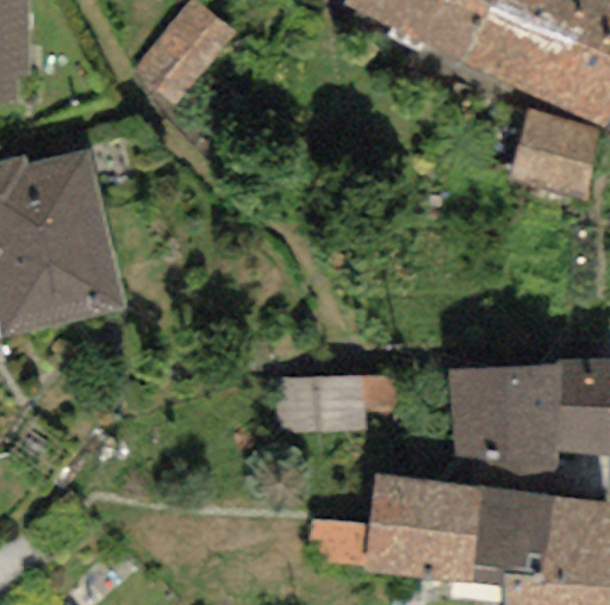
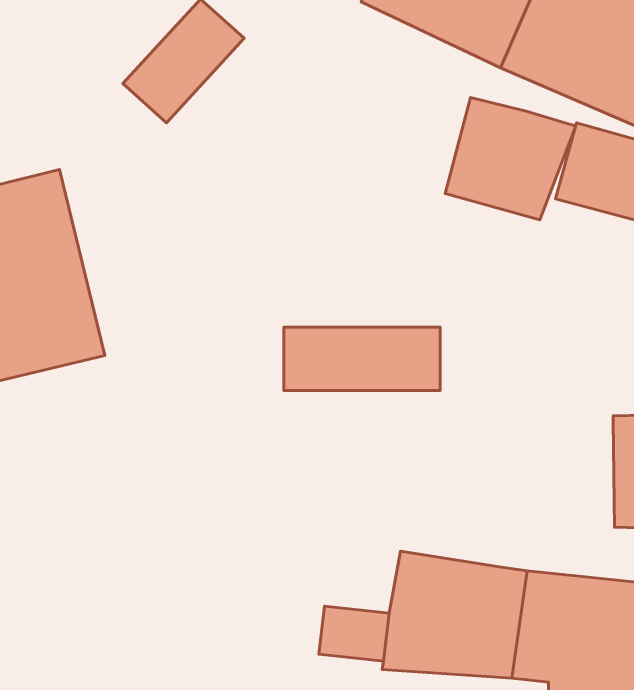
building: none -> [445,98,576,220]
building: [448,362,556,493] -> none
building: [262,375,394,429] -> [284,327,440,390]

